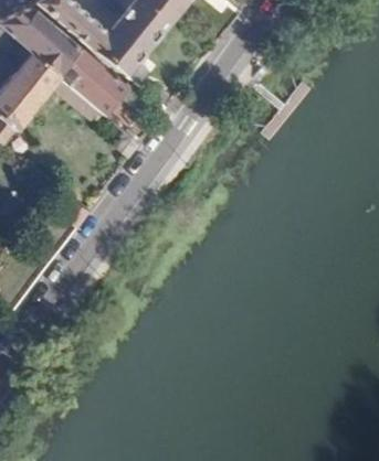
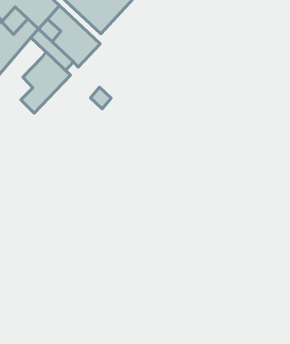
building: none -> [21,52,70,113]

